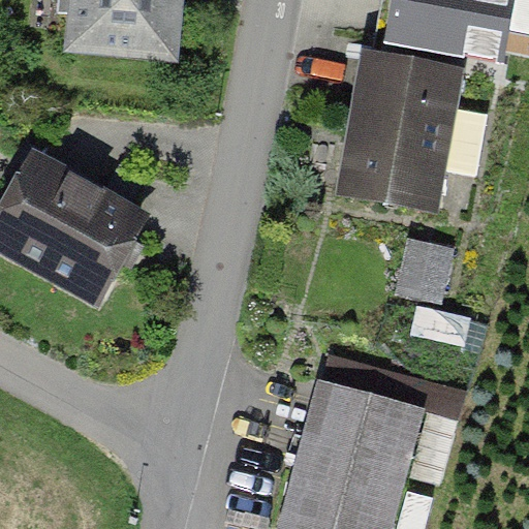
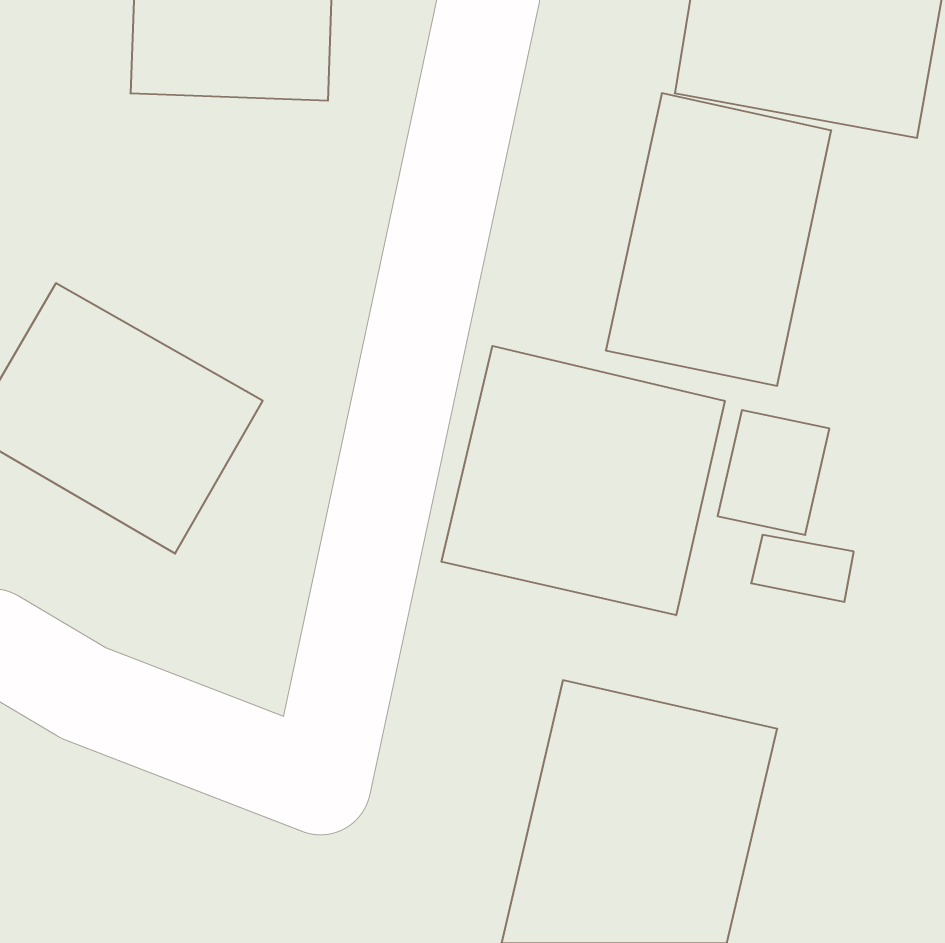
building: none -> [441,346,725,615]

